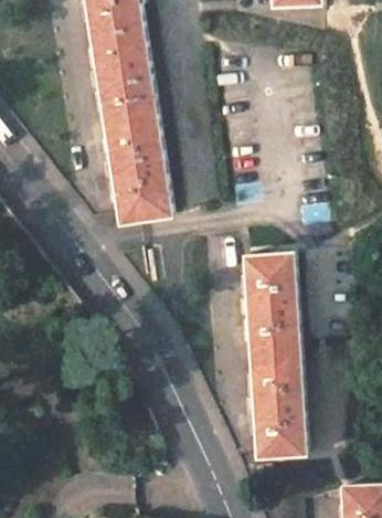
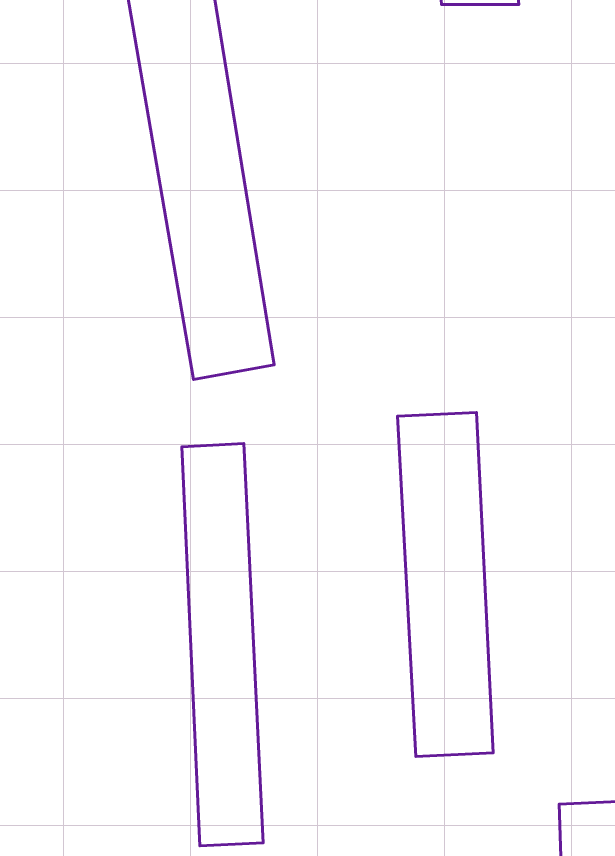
building: none -> [182,444,263,846]

